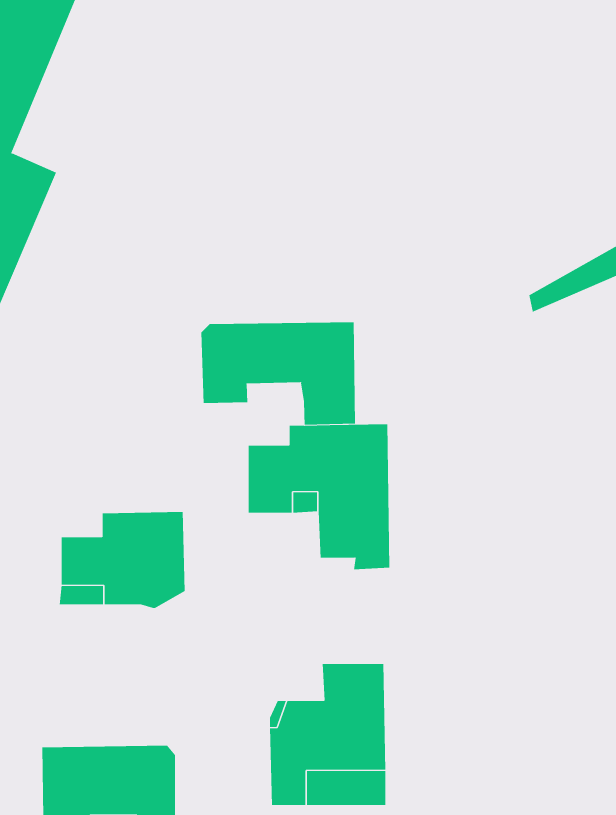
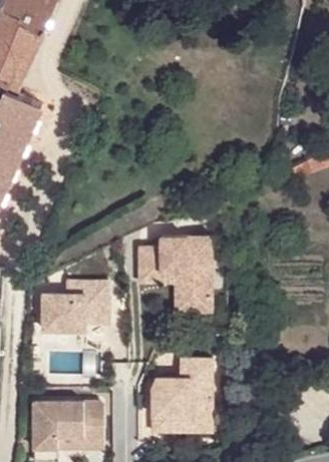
building: [201,322,355,425] -> none

